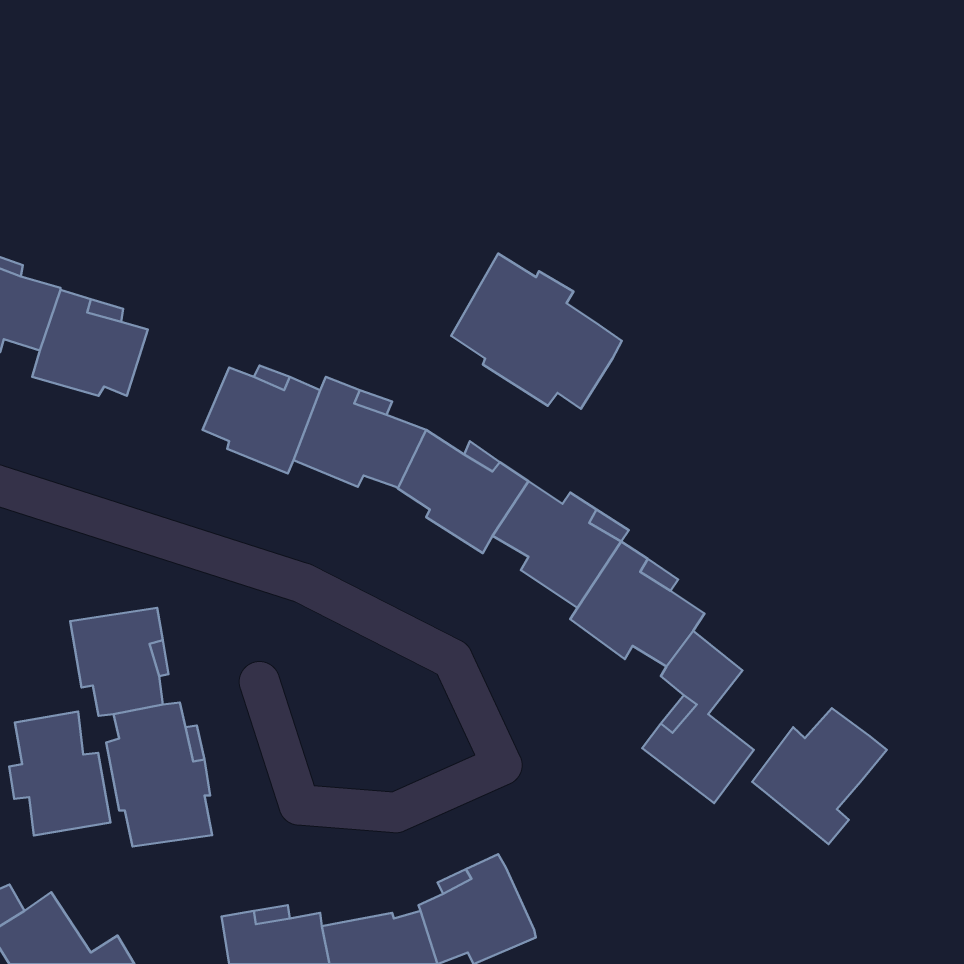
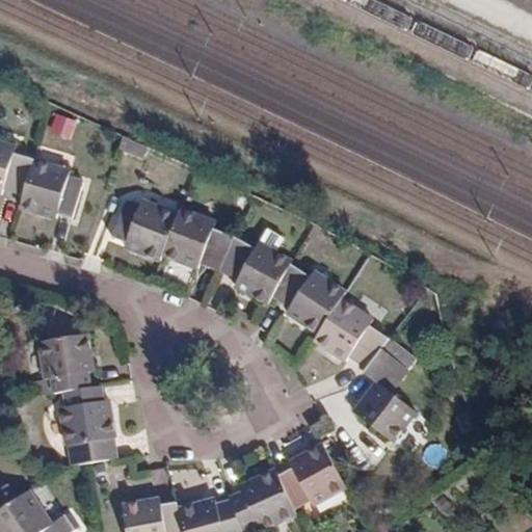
building: [451,253,622,409] -> none
building: [752,708,887,844] -> none
building: [9,712,111,836] -> none
building: none -> [277,444,344,510]

